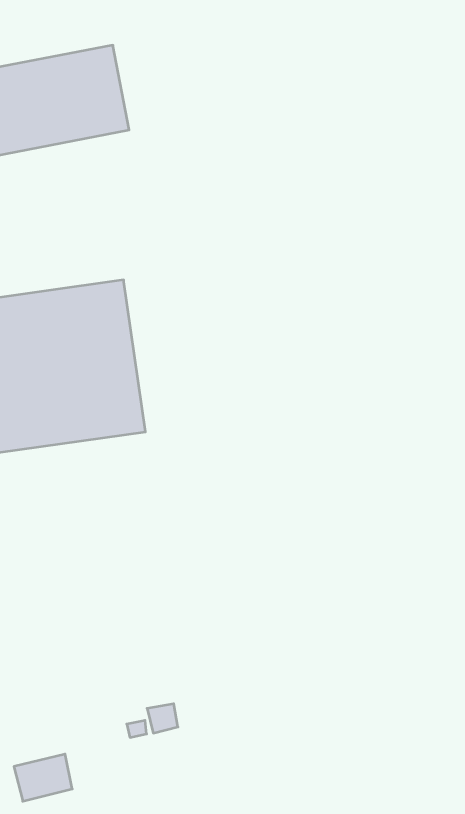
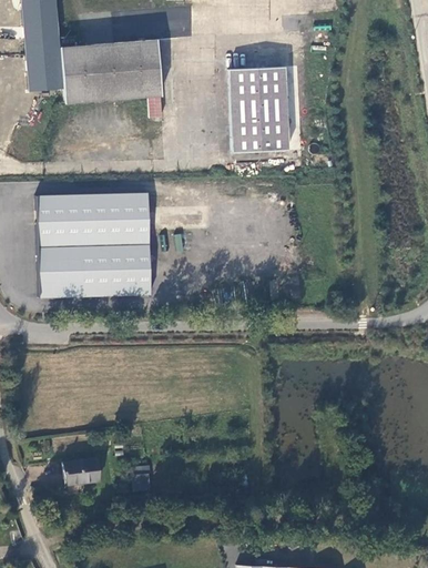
building: none -> [231,65,289,151]
building: [14,754,72,801] -> [64,456,101,484]

